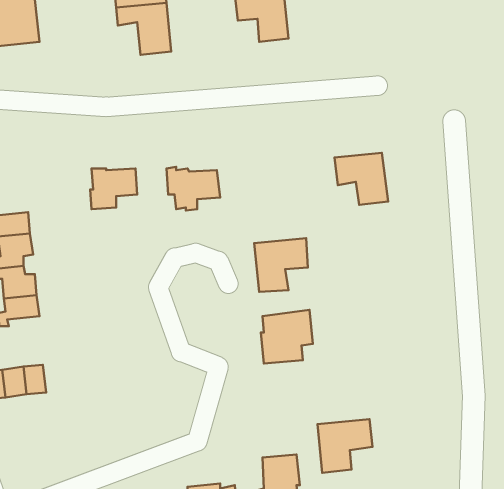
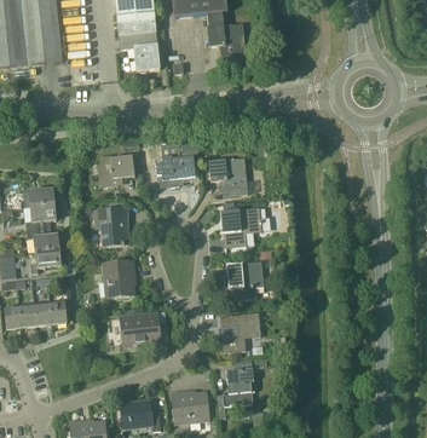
building: [335,153,388,205] -> [209,157,249,196]
building: none -> [94,207,129,246]
building: none -> [103,260,137,298]
building: none -> [121,312,158,347]
building: [317,419,373,473] -> [220,312,261,352]

